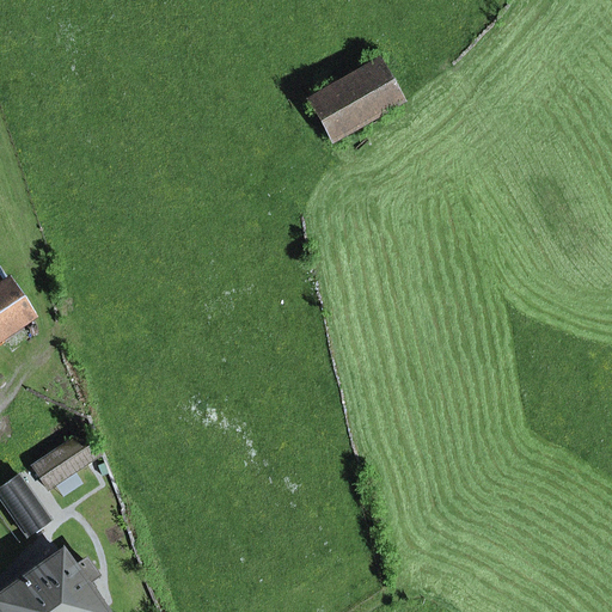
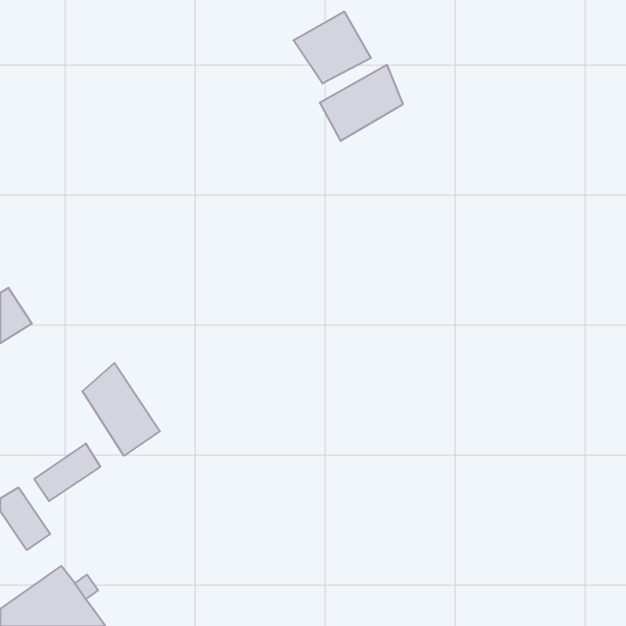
building: none -> [293,12,371,84]
building: none -> [82,363,160,456]

